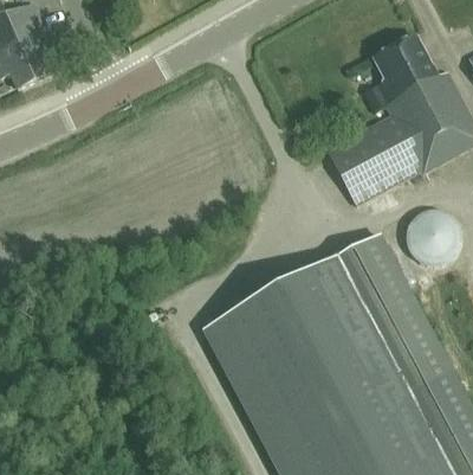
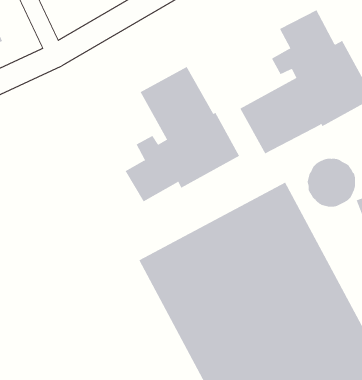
building: none -> [125,66,240,202]

